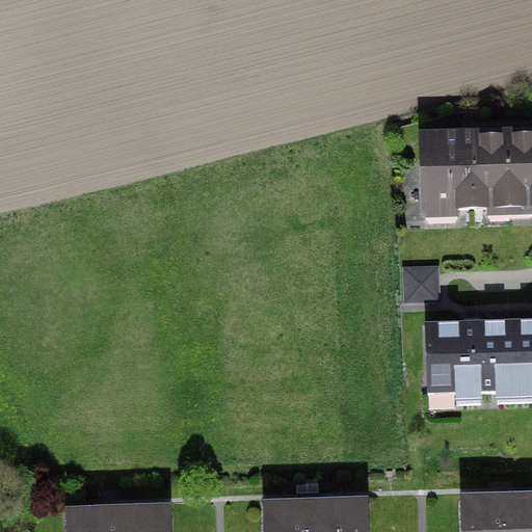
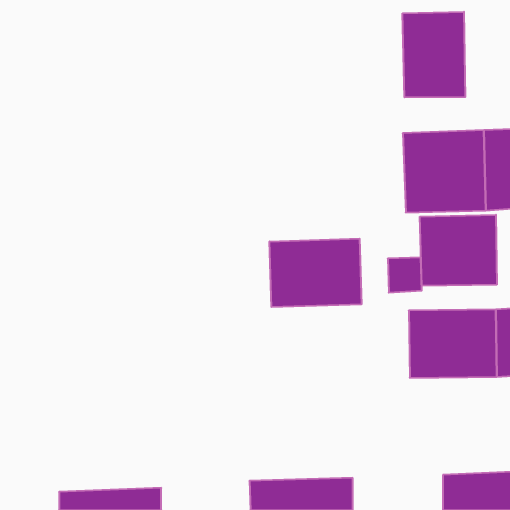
building: none -> [403,12,465,97]
building: none -> [420,215,497,286]
building: none -> [270,239,361,307]

